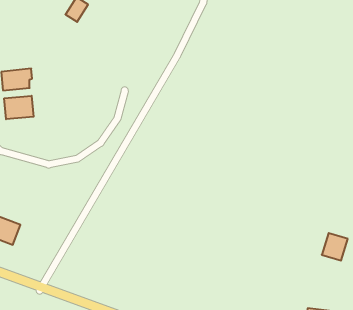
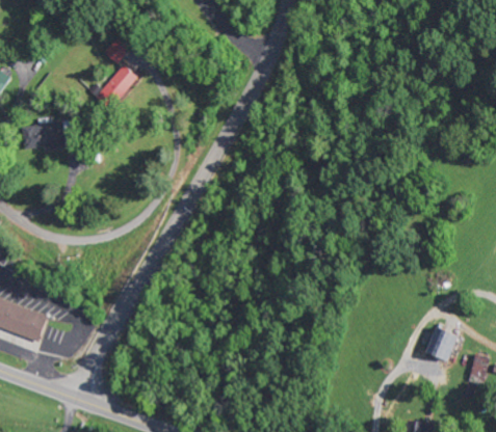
building: none -> [96,64,138,108]
building: [4,96,34,119] -> none

